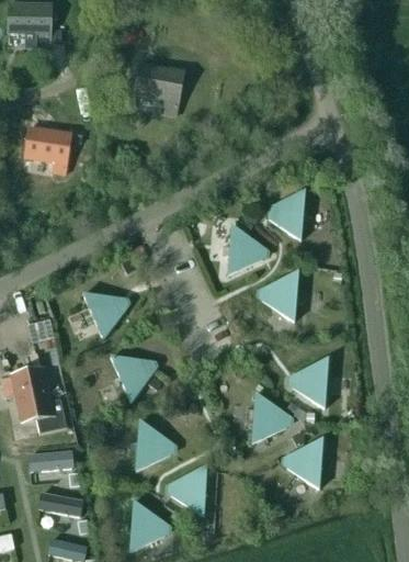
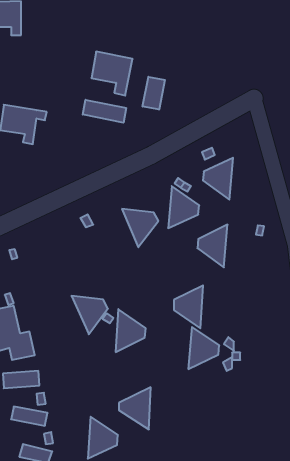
building: none -> [143,77,165,110]
building: none -> [83,100,126,123]
building: [83,295,127,341] -> [122,209,158,247]
building: [293,359,328,411] -> [174,285,203,328]
building: [136,422,172,473] -> [116,309,146,352]
building: [286,440,322,491] -> none

